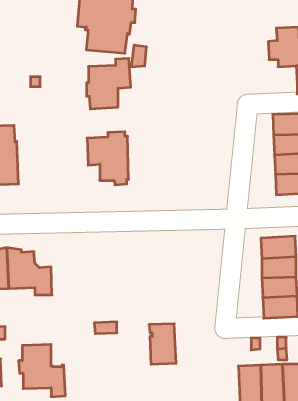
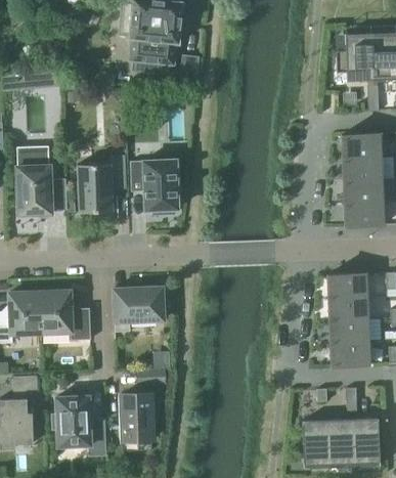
building: [87,58,131,109] -> [77,156,127,213]
building: none -> [114,288,169,332]
building: [149,324,176,364] -> [122,394,152,440]

